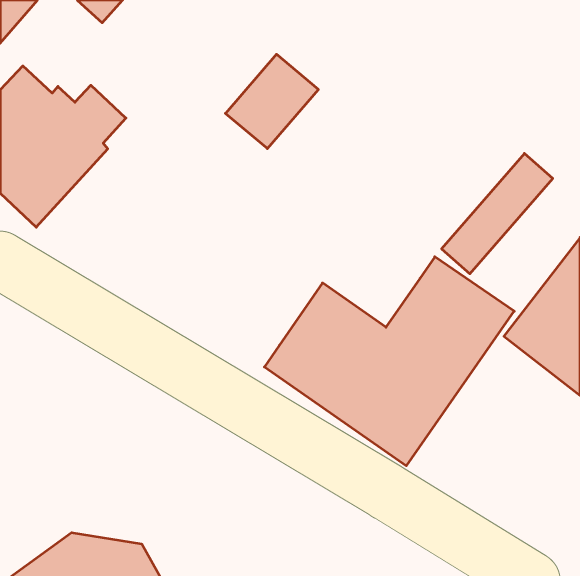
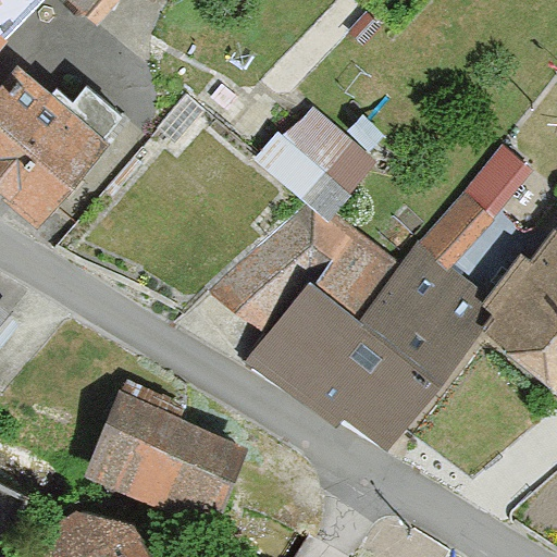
building: [225,54,318,149] -> [262,108,351,198]
building: none -> [215,203,403,335]
building: none -> [89,396,245,525]

